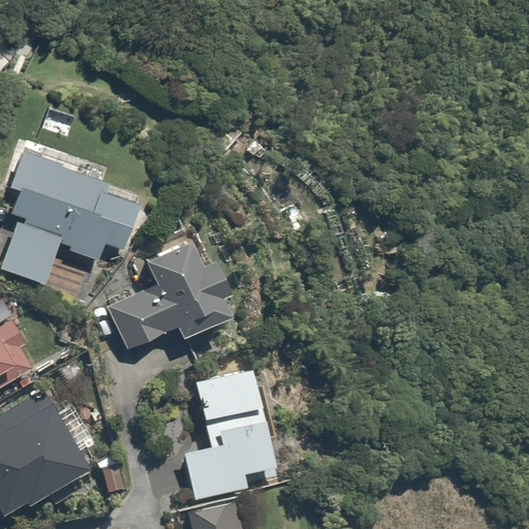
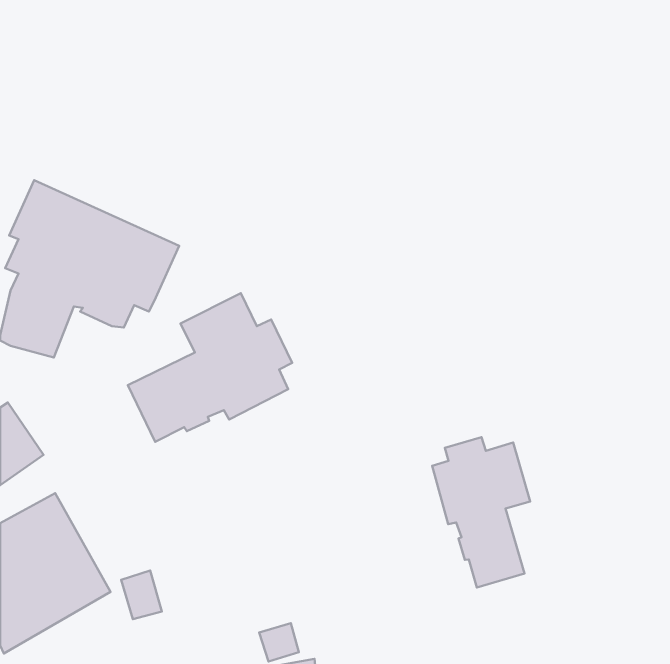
building: none -> [432,437,530,588]
building: [180,360,279,503] -> none

